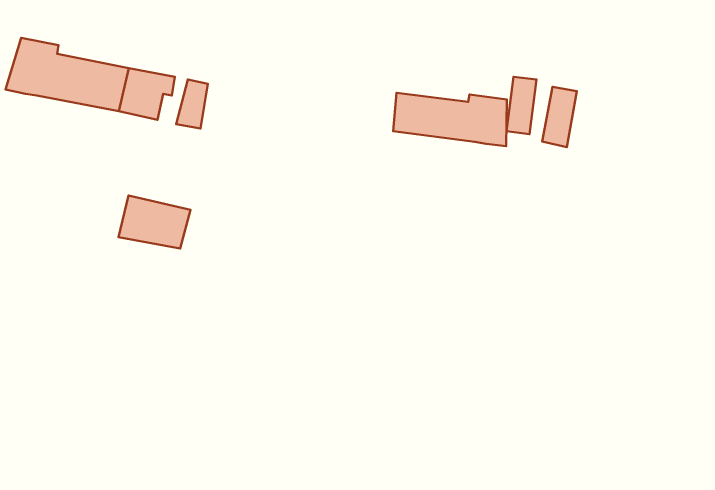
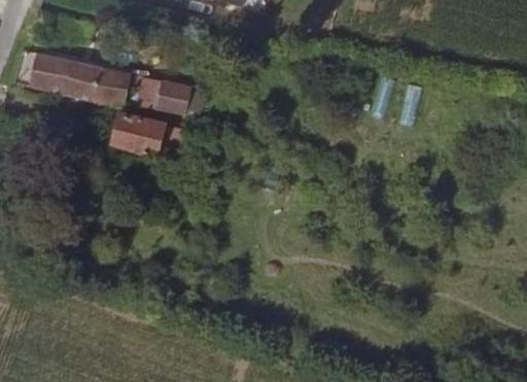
building: none -> [152,79,199,117]
building: [393,93,507,146] -> none
building: [119,195,190,249] -> [113,115,165,153]

